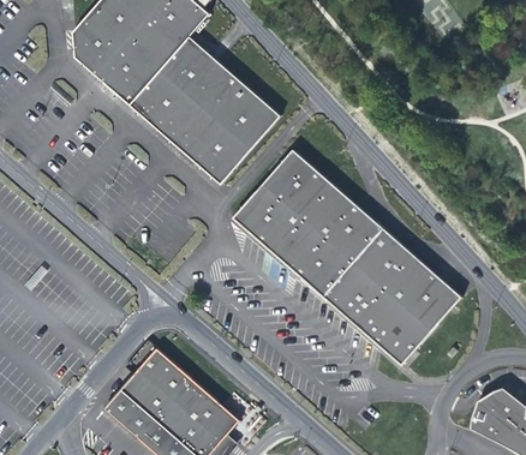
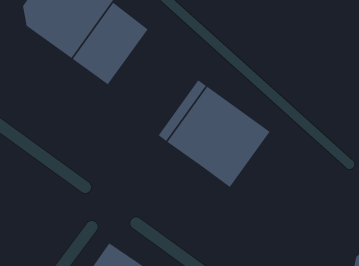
building: [174,74,279,182] -> none
building: [322,224,462,364] -> none

